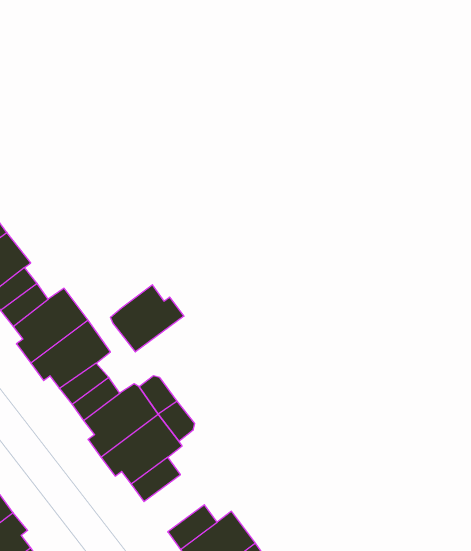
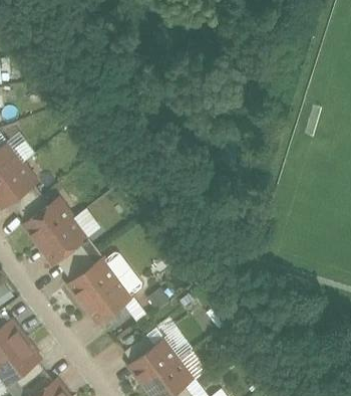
building: [111,285,184,352] -> none

